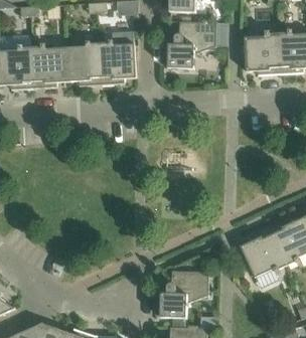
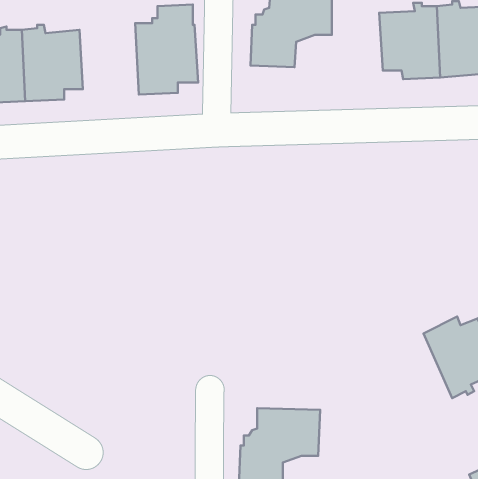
building: [65,40,101,86] -> none
building: [241,226,287,277] -> none

